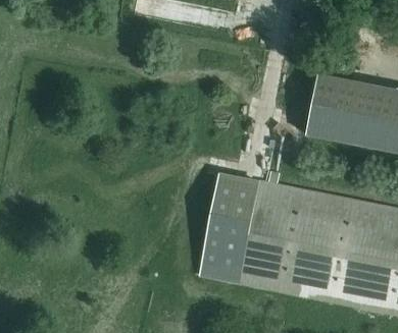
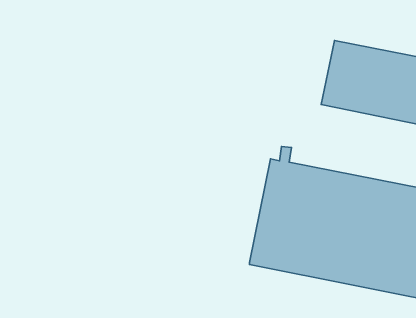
building: [195,174,260,278] -> none

